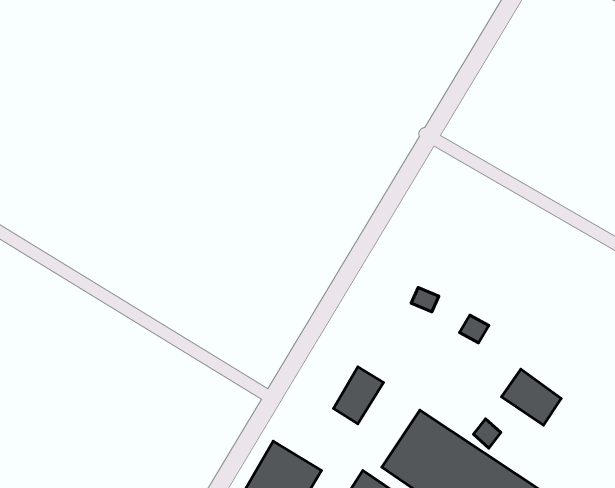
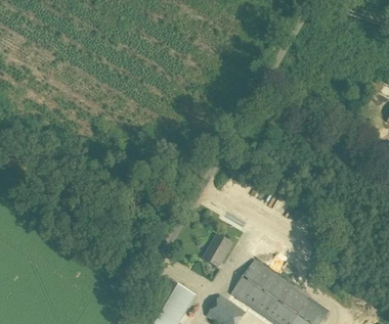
building: [501,369,561,425] -> none

